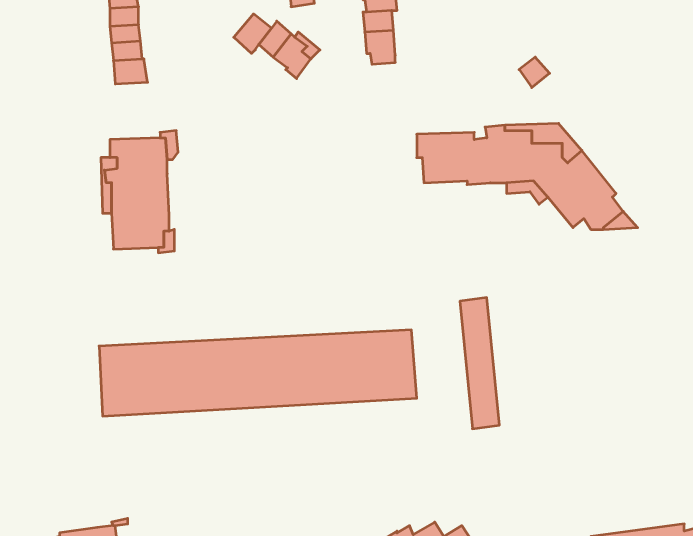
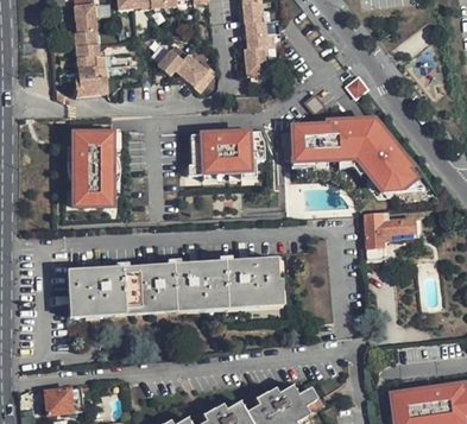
building: none -> [190,129,260,172]
building: none -> [366,217,423,259]

